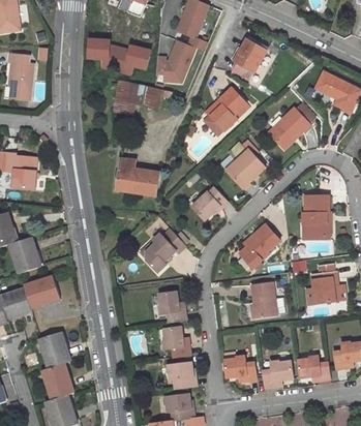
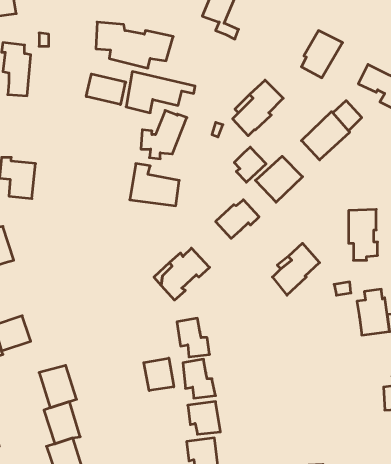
building: [232,38,267,79] -> [301,31,343,78]
building: [159,40,199,82] -> [141,110,187,159]
building: none -> [86,74,126,105]
building: none -> [234,147,266,182]
building: [10,236,41,271] -> none
building: [24,274,61,306] -> none
building: [251,284,277,318] -> none
building: none -> [144,358,174,391]
building: [222,357,257,382] -> none
building: [296,358,330,382] -> none
building: [262,361,292,389] -> none

